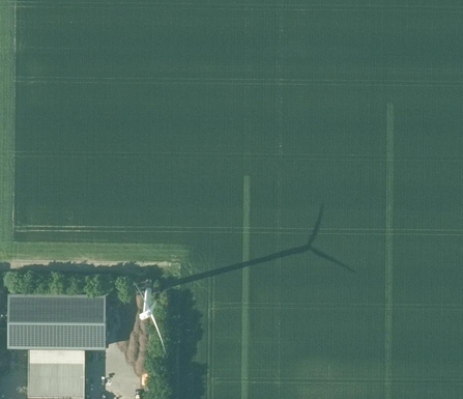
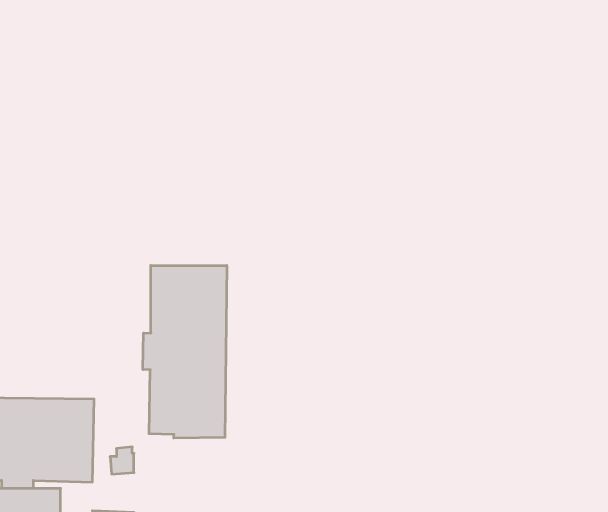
building: none -> [143,265,227,438]

